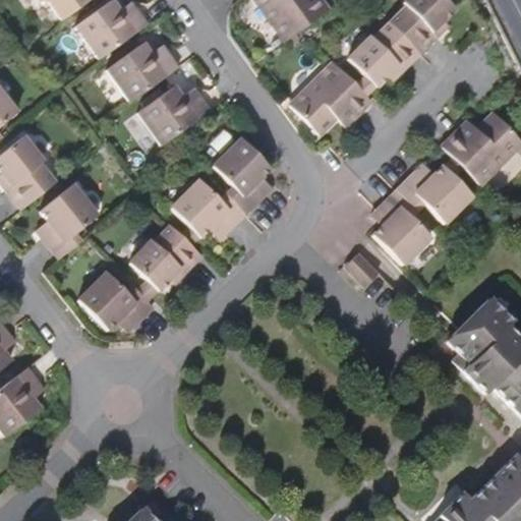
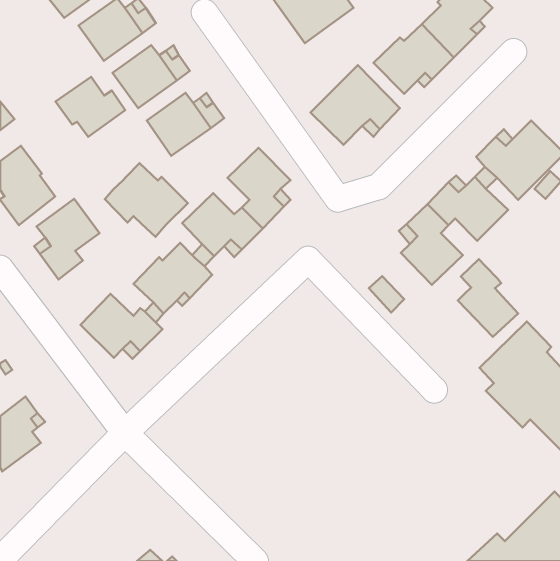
building: none -> [56,77,125,137]
building: none -> [105,163,188,237]
building: none -> [458,259,518,337]

